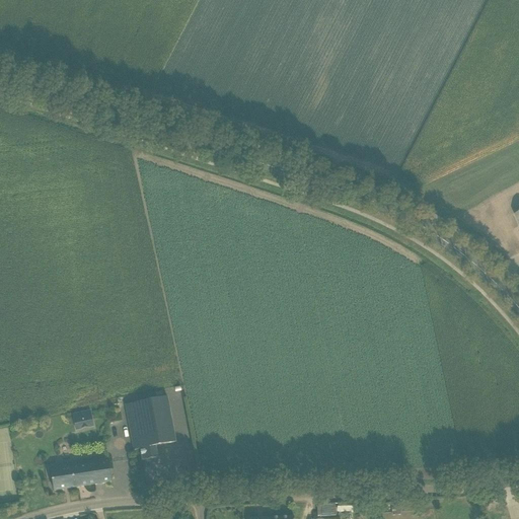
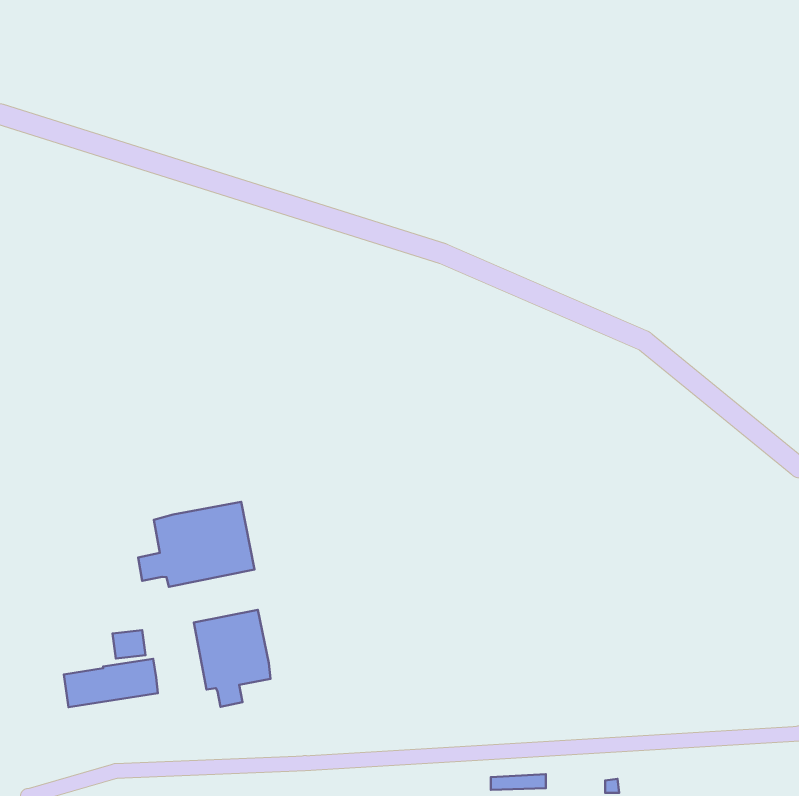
building: none -> [138,502,254,587]
building: [51,457,112,489] -> [64,659,158,707]

